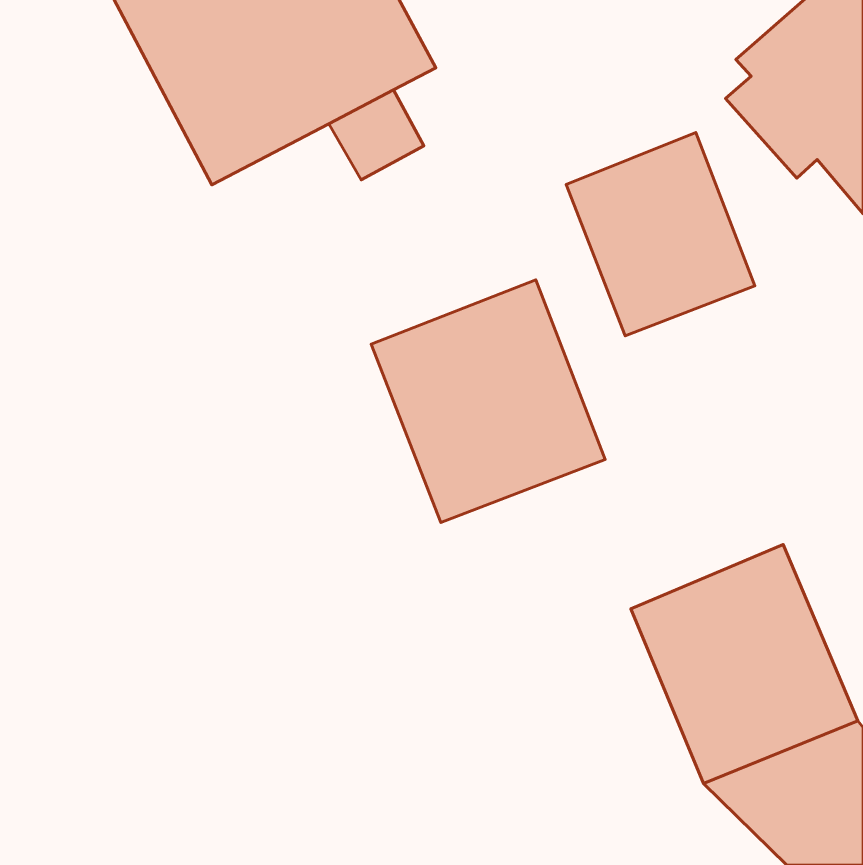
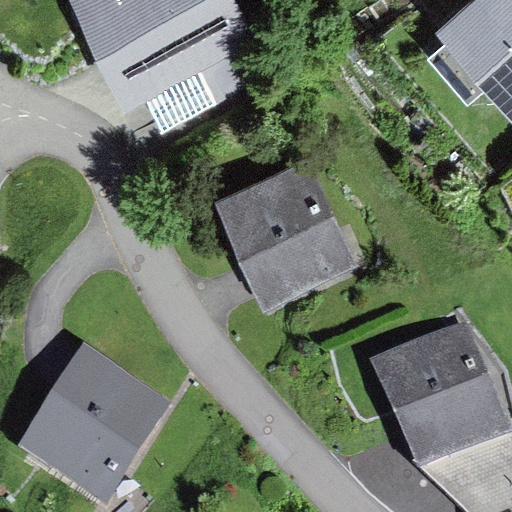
building: [566,132,755,336] -> none
building: none -> [18,341,173,500]

